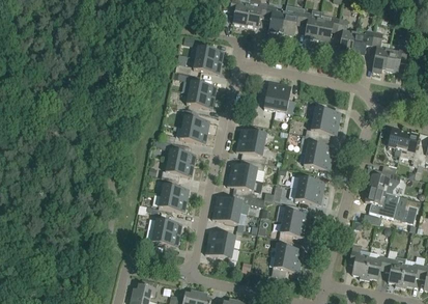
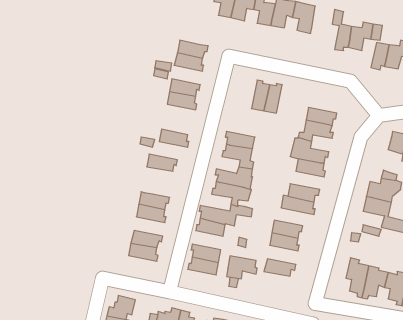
building: [317,13,339,40] -> none
building: [181,108,209,131] -> none
building: [161,160,193,181] -> none
building: [272,255,299,276] -> [227,256,257,279]

